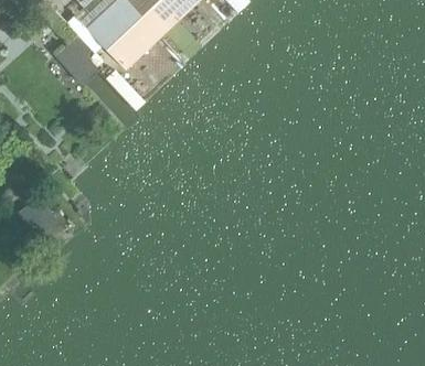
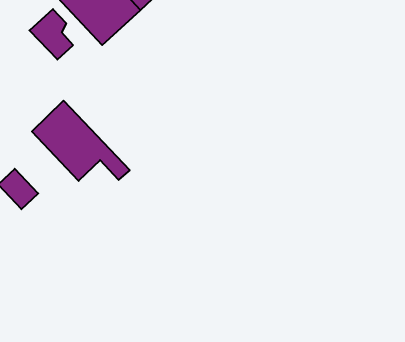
building: none -> [32,101,130,181]

